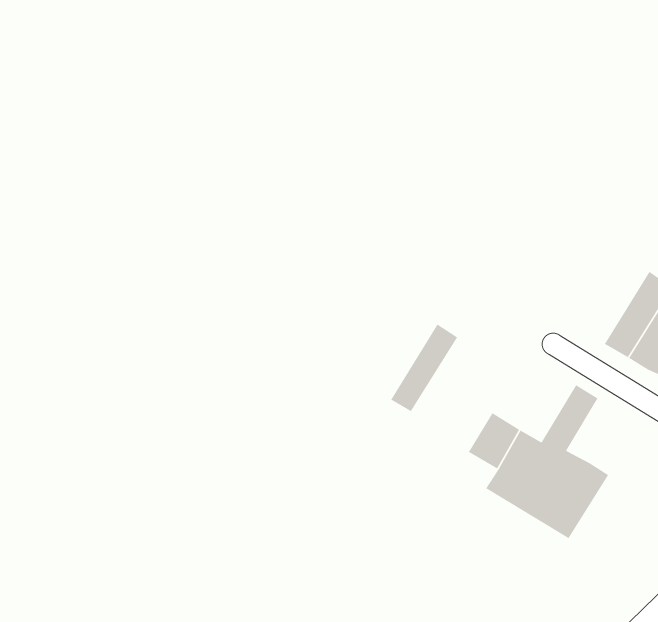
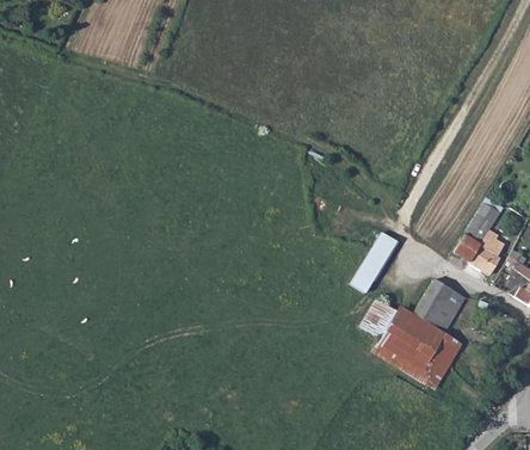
building: [390,323,458,412] -> [352,232,399,292]
building: none -> [430,289,467,333]

